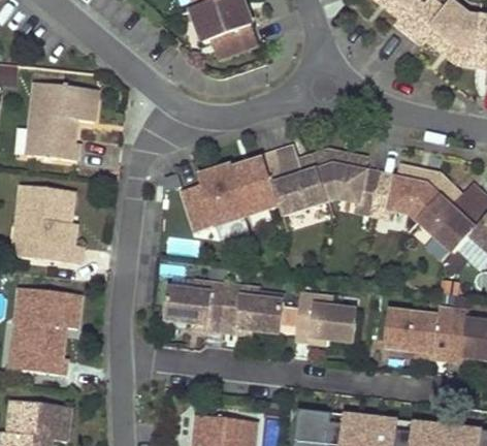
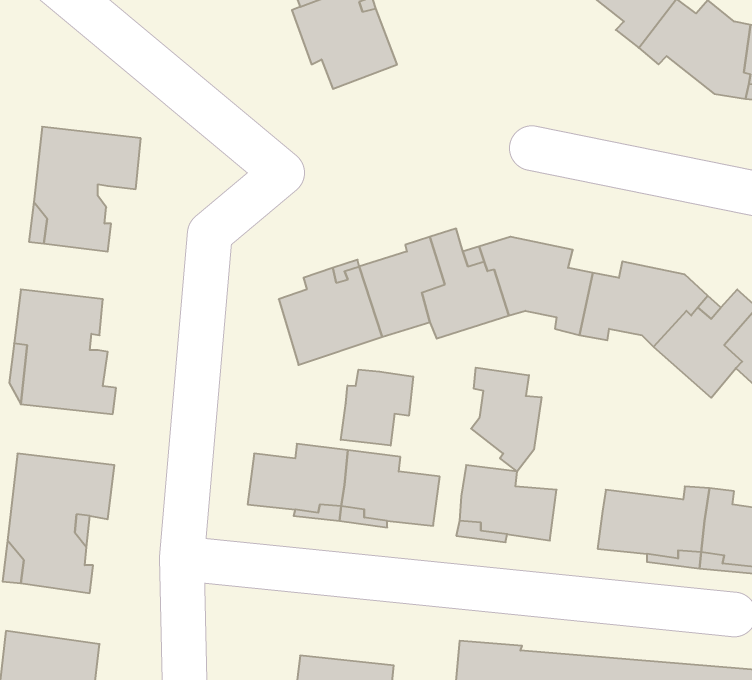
building: none -> [471,368,541,472]
building: none -> [341,370,413,446]

